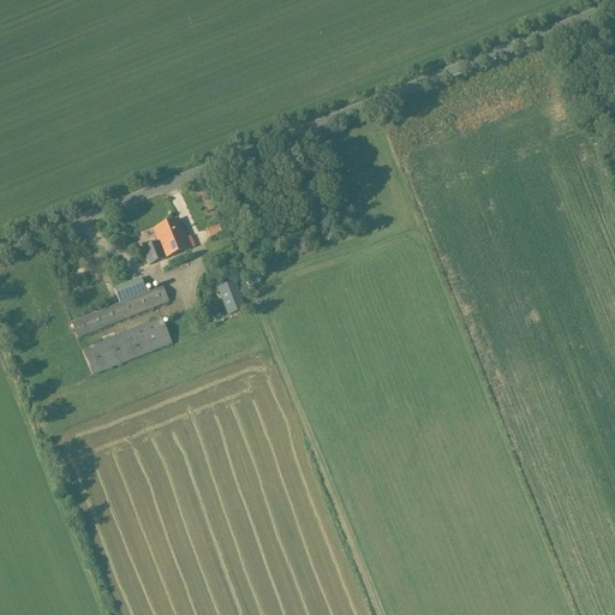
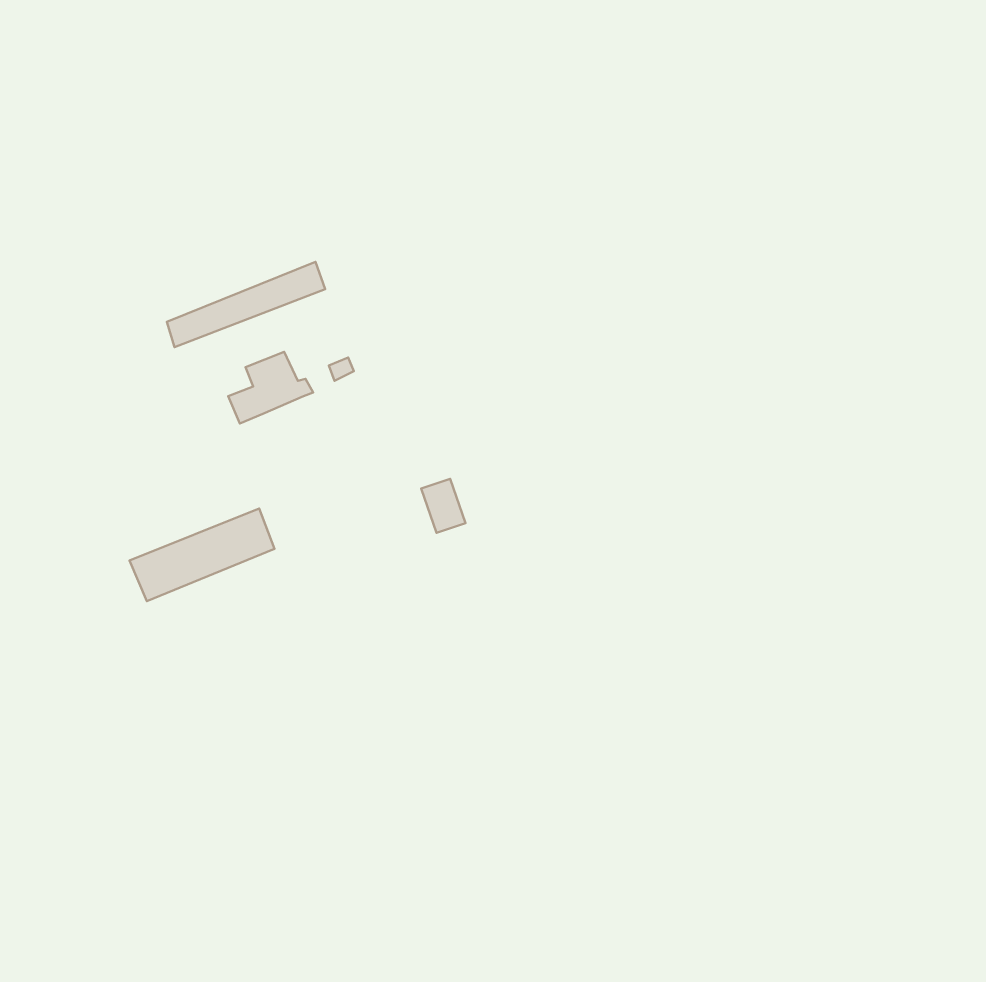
building: [216,280,244,314] -> [421,479,466,533]
building: [70,283,168,336] -> [167,262,325,347]

